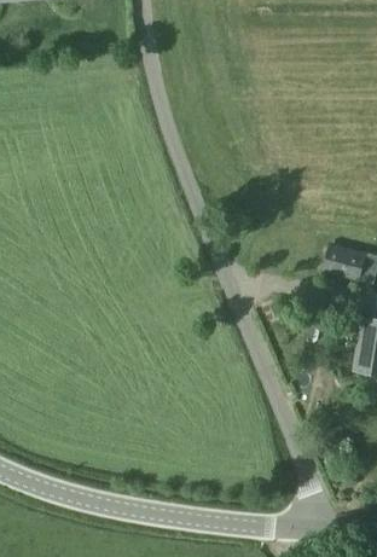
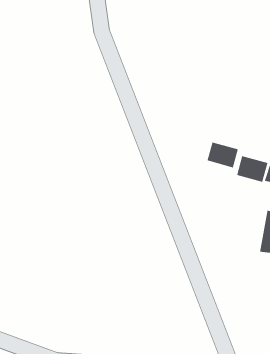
building: none -> [206,141,239,168]

